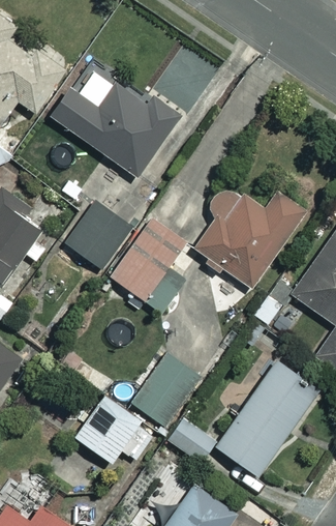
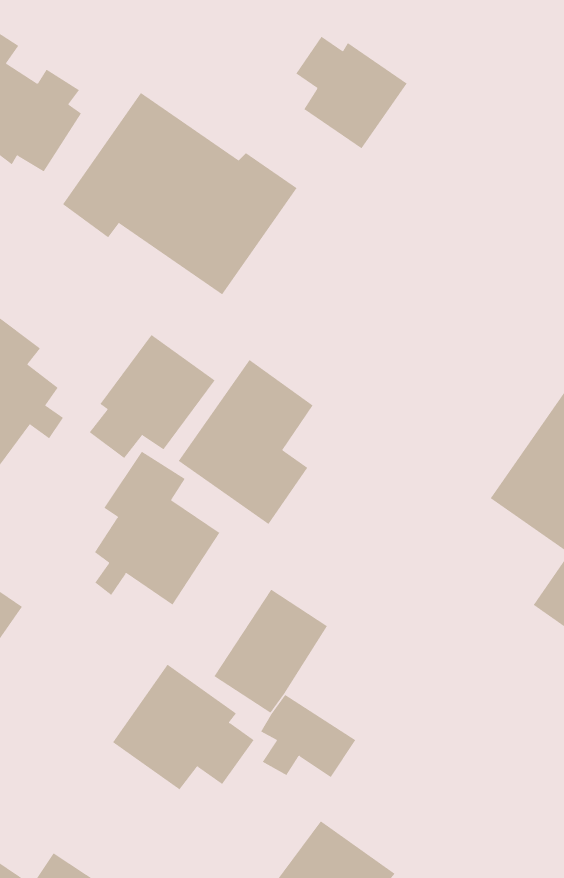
building: none -> [295,36,408,149]
building: [195,179,305,288] -> none
building: none -> [94,451,220,606]
building: [215,360,318,475] -> none

